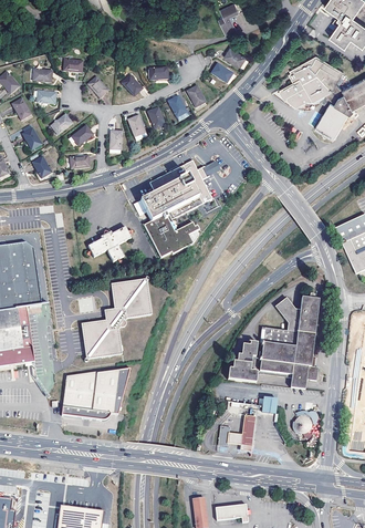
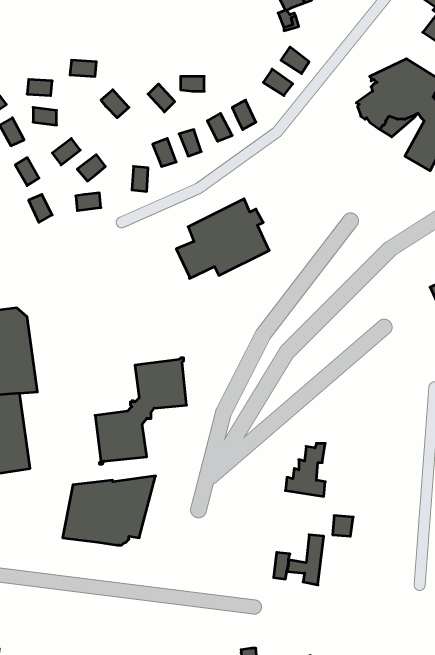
building: [146,211,199,257] -> none
building: [87,226,129,261] -> none
building: [259,299,319,391] -> none
building: [292,410,317,435] -> none

